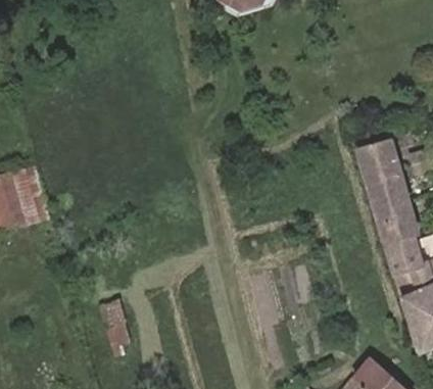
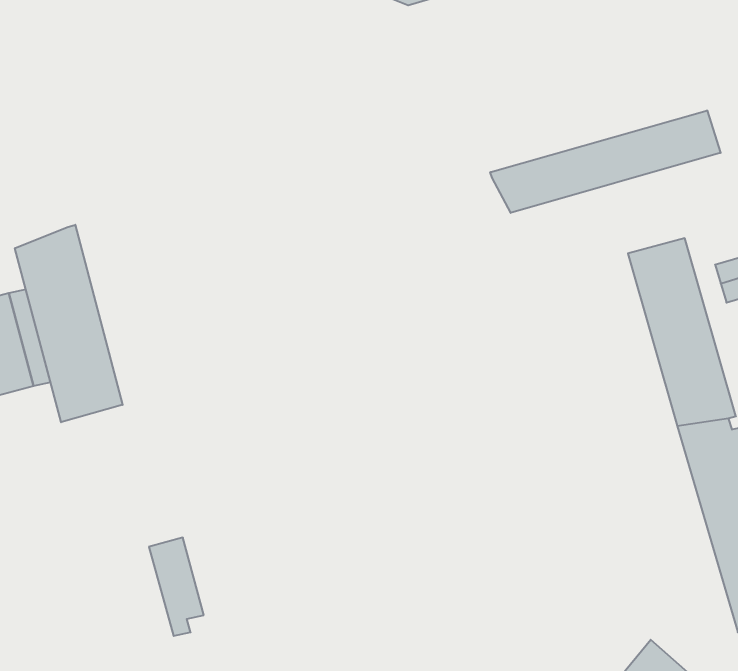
building: none -> [490,110,721,213]
building: none -> [15,225,123,422]

